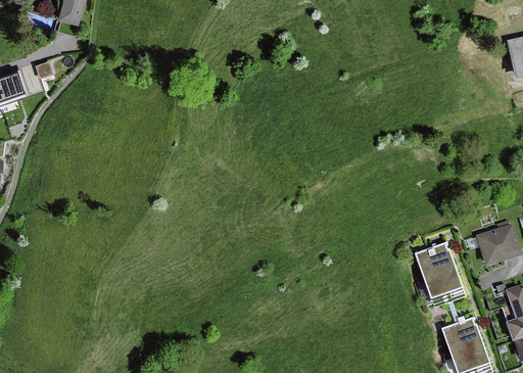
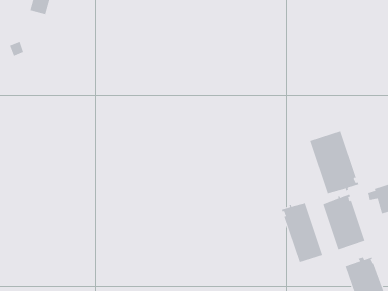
building: none -> [310,131,359,194]
building: none -> [281,203,323,263]

